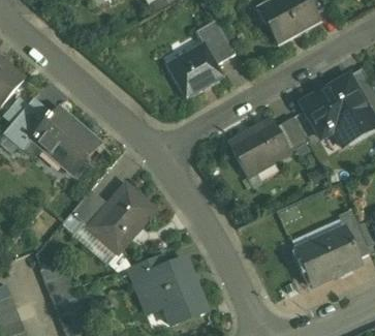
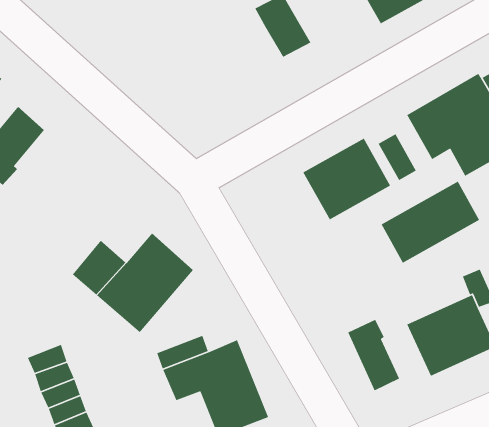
building: [166,43,221,96] -> none
building: [31,108,99,169] -> none
building: none -> [380,181,480,264]
building: none -> [347,319,400,392]

